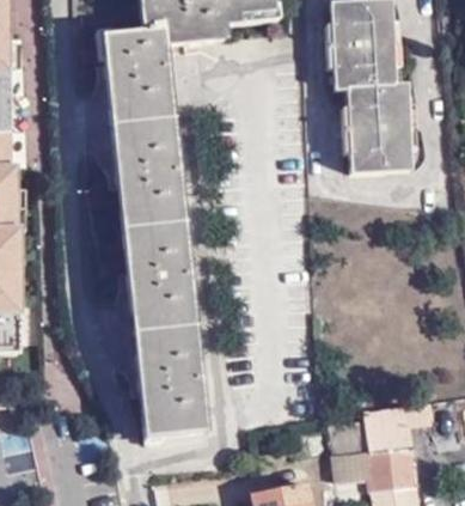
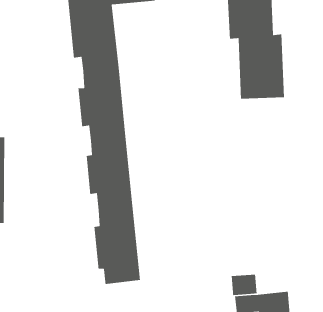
building: [365,409,411,450] -> none

